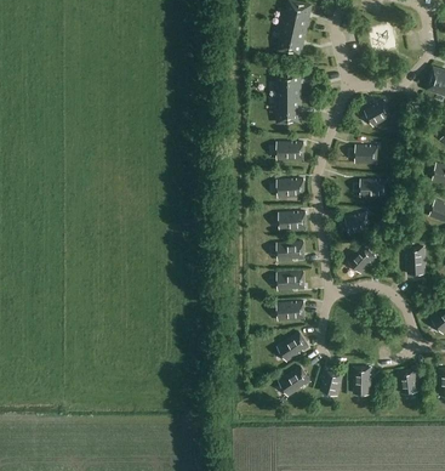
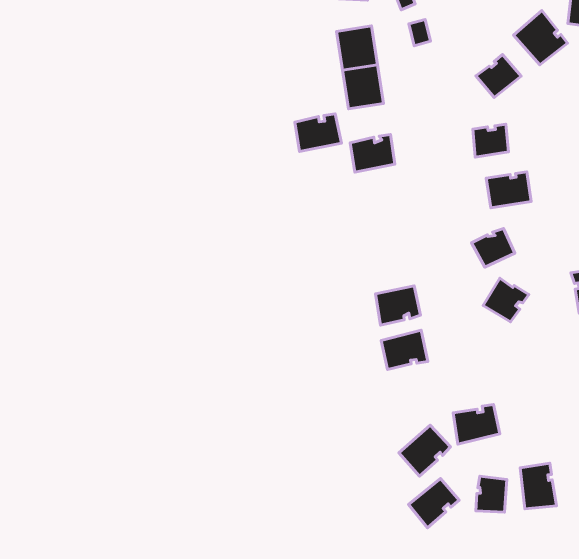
building: none -> [513,10,568,65]
building: [275,177,303,198] -> [295,114,342,152]
building: [276,210,306,233] -> none
building: [275,300,303,322] -> [453,405,500,444]

